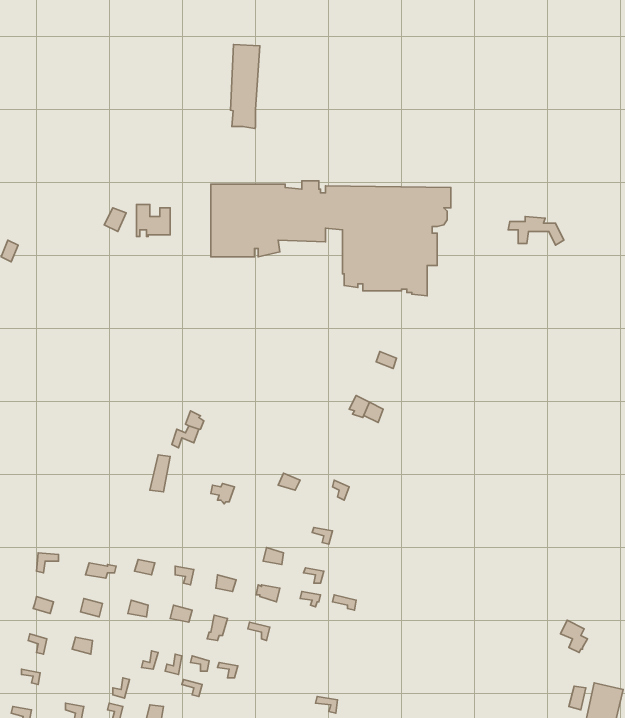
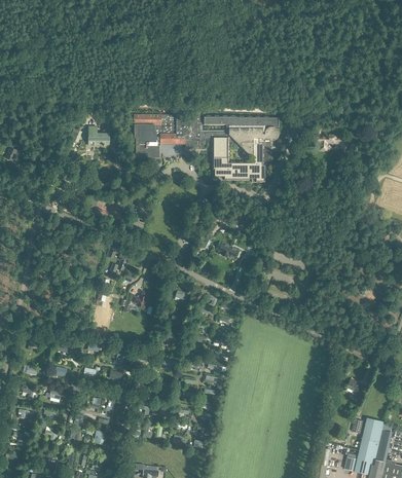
building: [230,44,260,128] -> none

